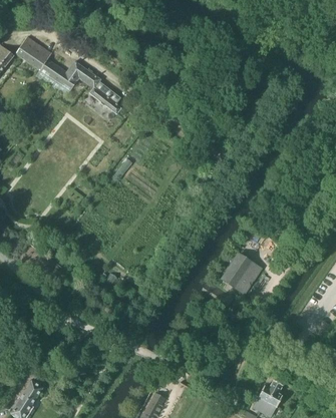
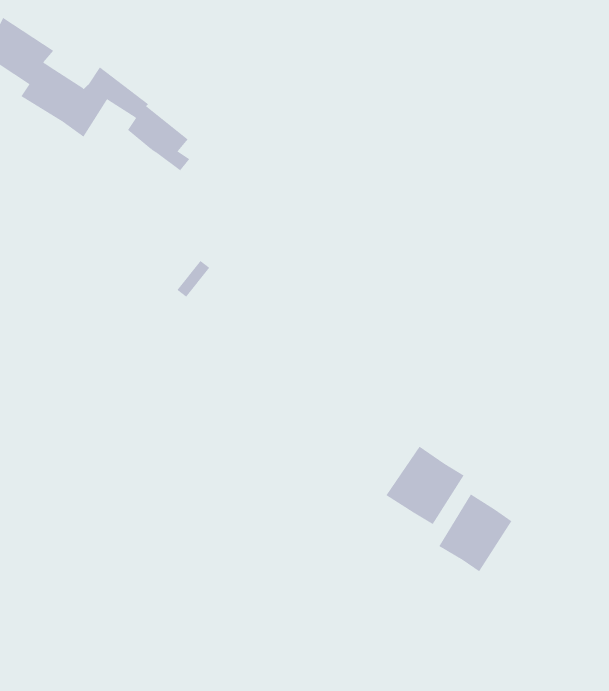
building: none -> [438,493,512,572]

